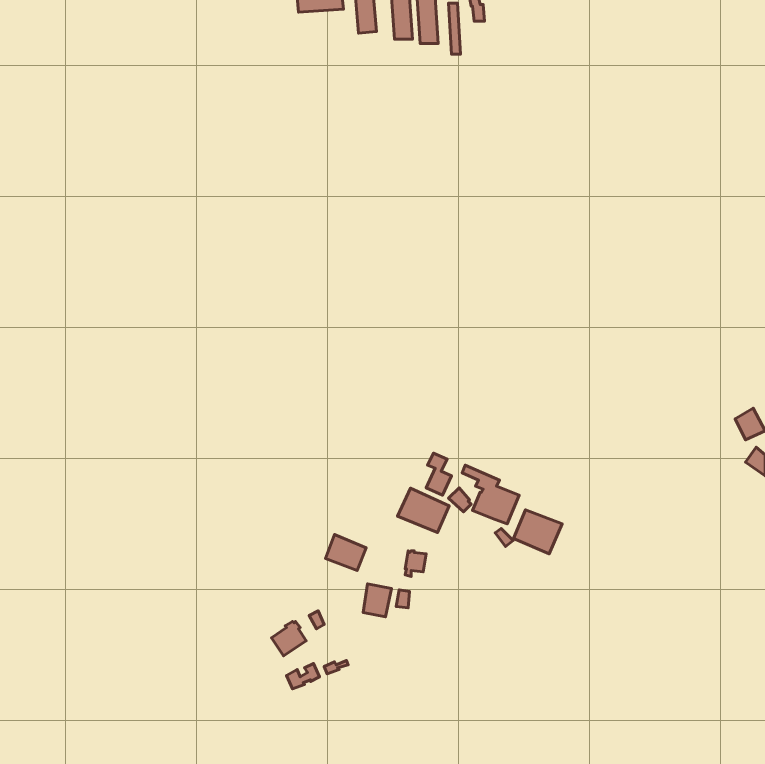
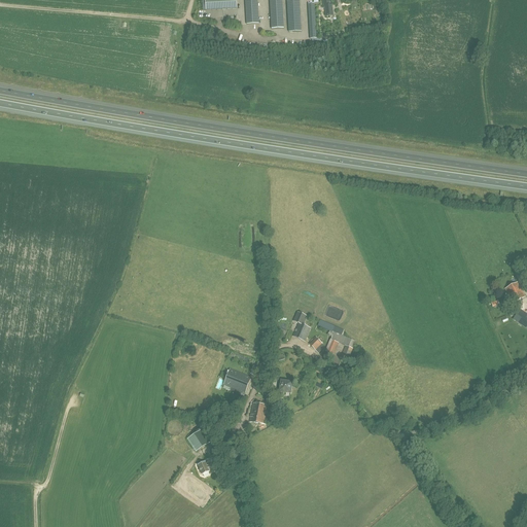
building: [398,488,449,533] -> none
building: [514,510,562,554] -> none

